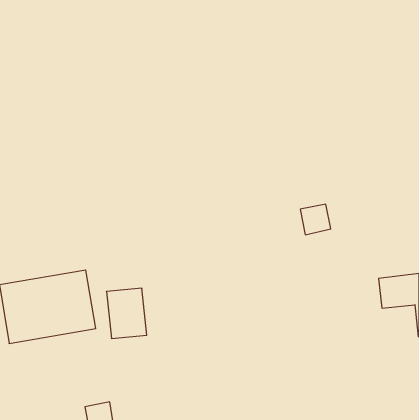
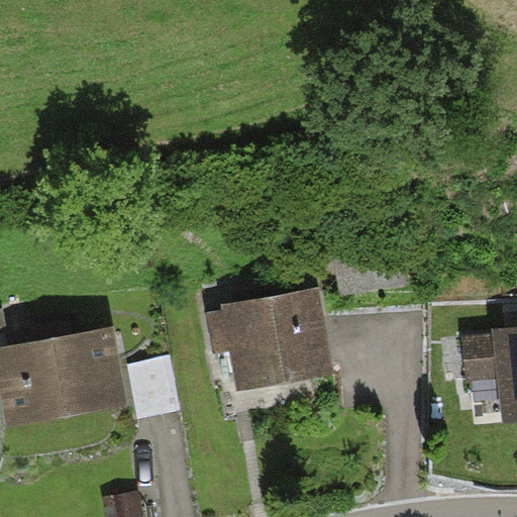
building: none -> [209,296,323,381]

